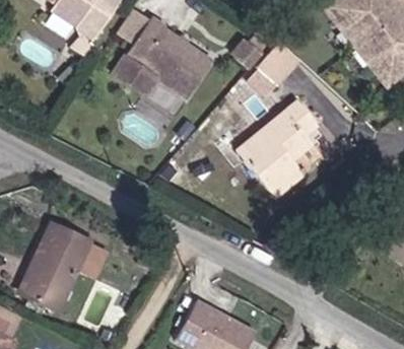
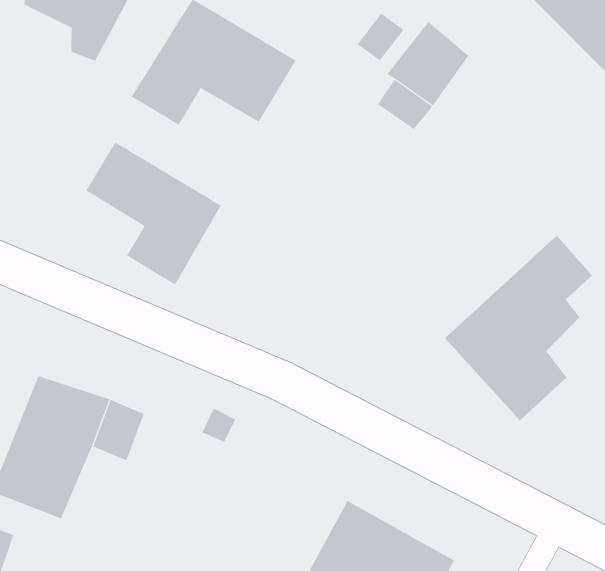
building: none -> [86,142,222,285]
building: [229,102,313,203] -> [444,235,593,421]

